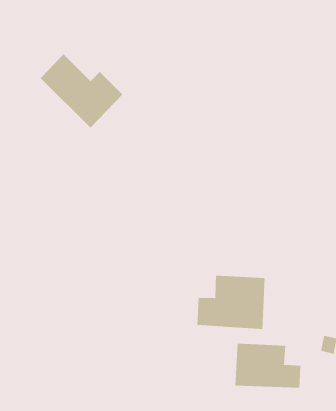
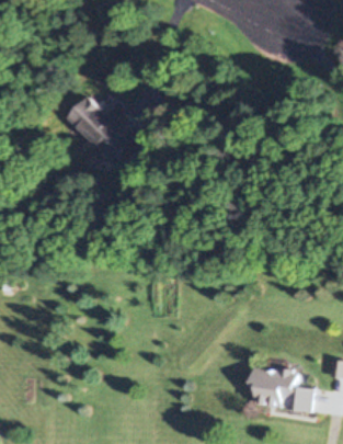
building: [196,275,265,330] -> none

